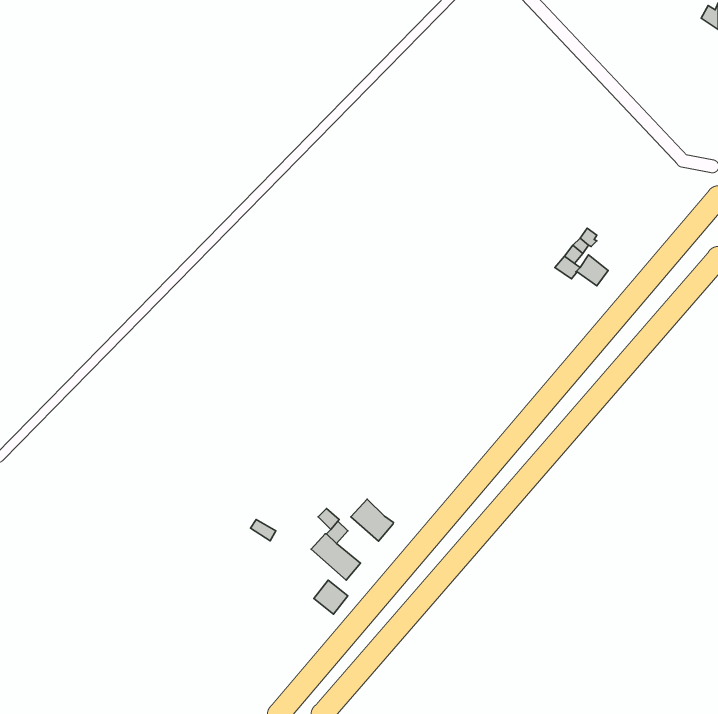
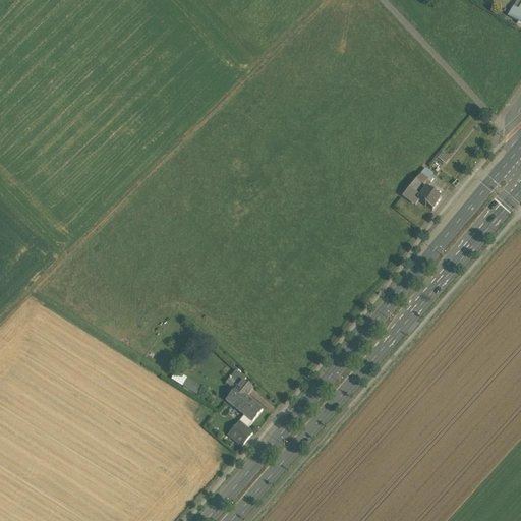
building: [351,499,393,541] -> none

